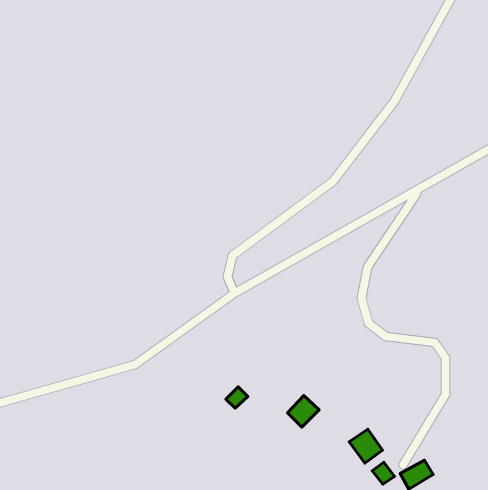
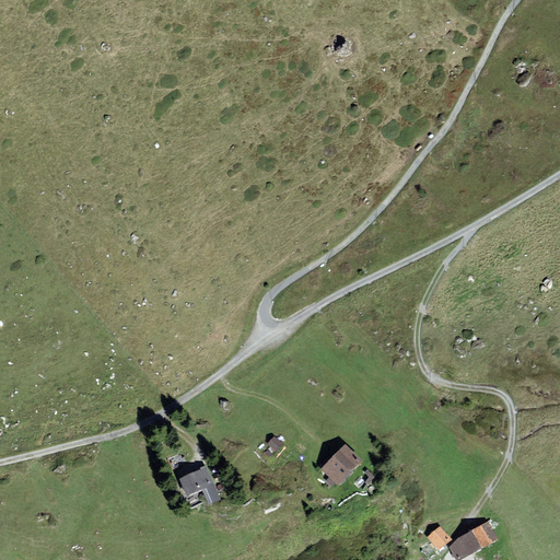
building: none -> [180,467,212,495]
building: [349,429,382,463] -> none

